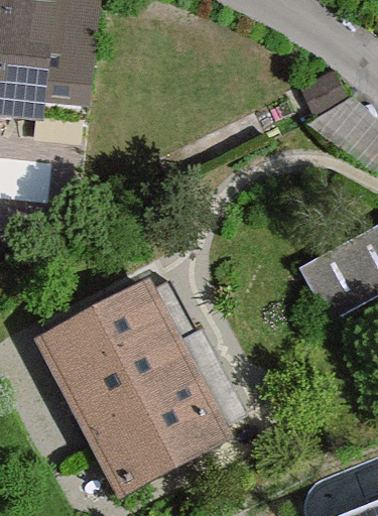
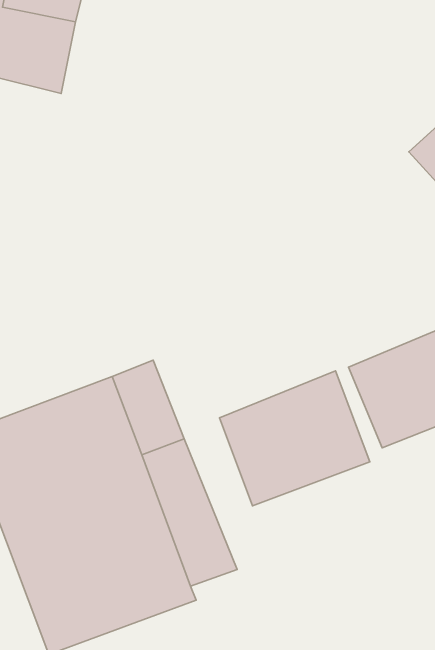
building: none -> [220,371,370,506]

